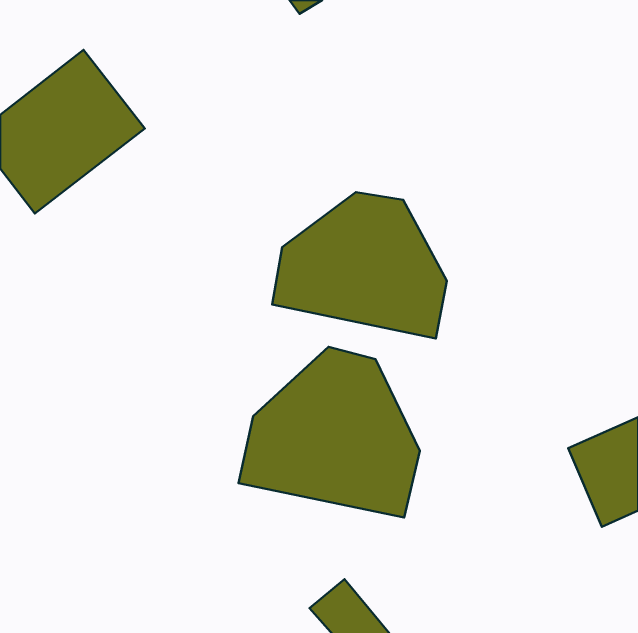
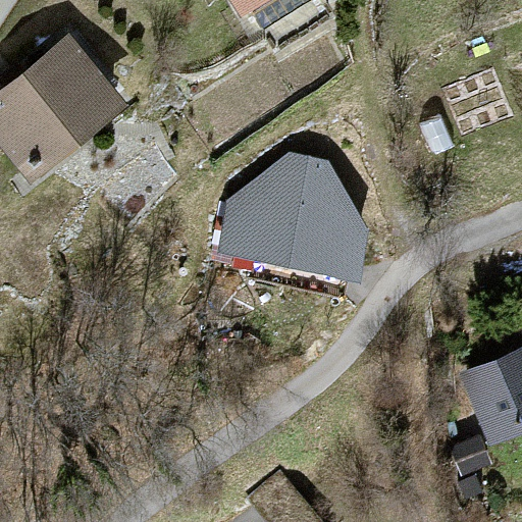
building: [239,347,420,517] -> none

